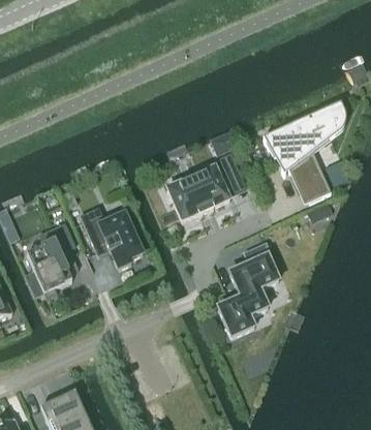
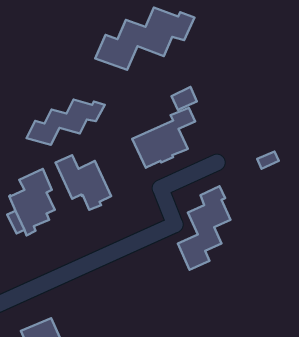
building: none -> [95,8,194,70]
building: [262,102,345,201] -> none
building: none -> [26,100,105,145]

